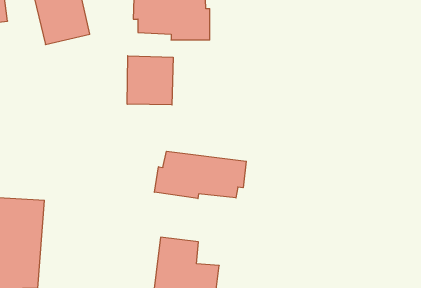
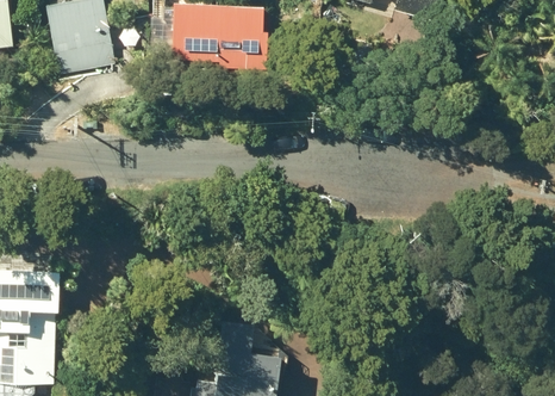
building: [127,56,173,105] -> none
building: [154,151,246,199] -> none

